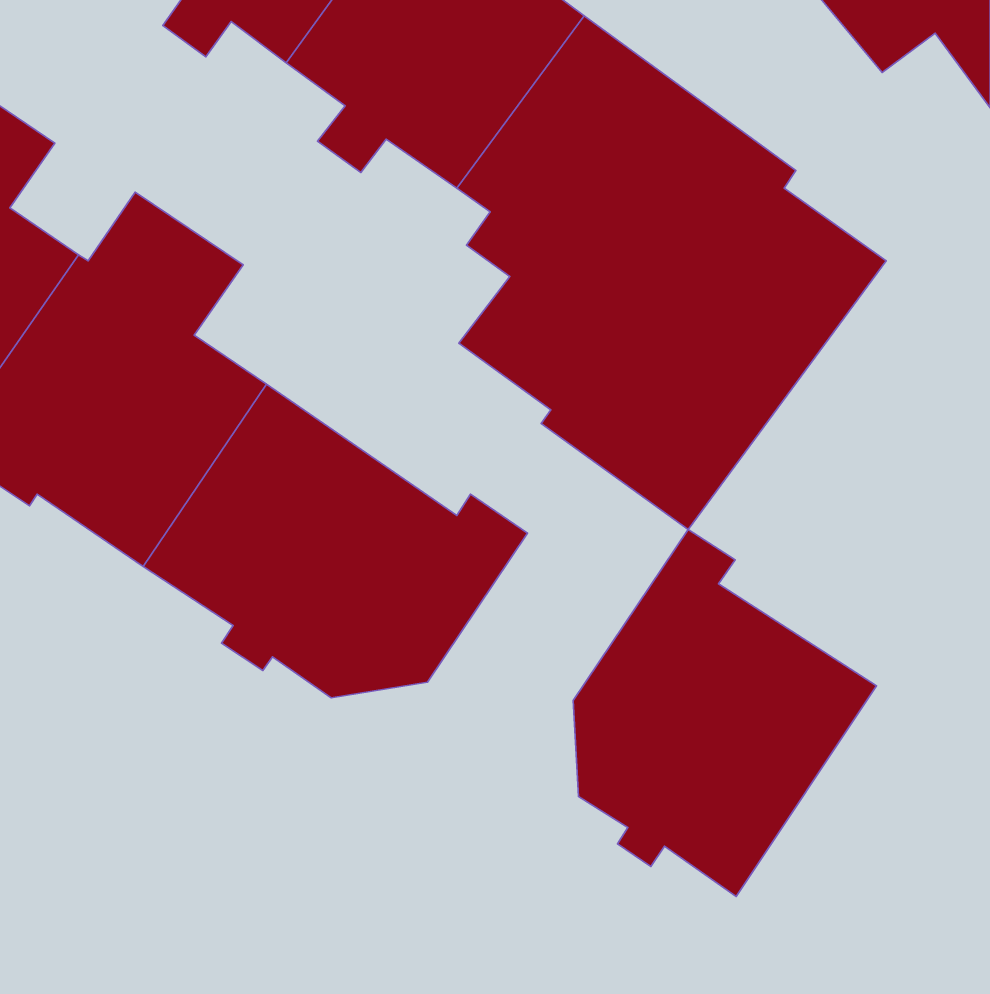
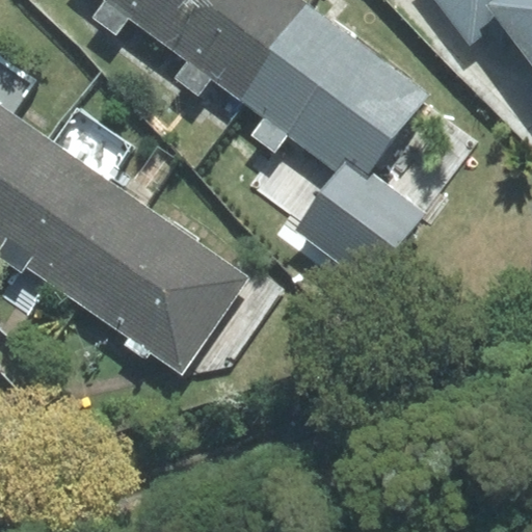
building: [573,529,877,896] -> none

